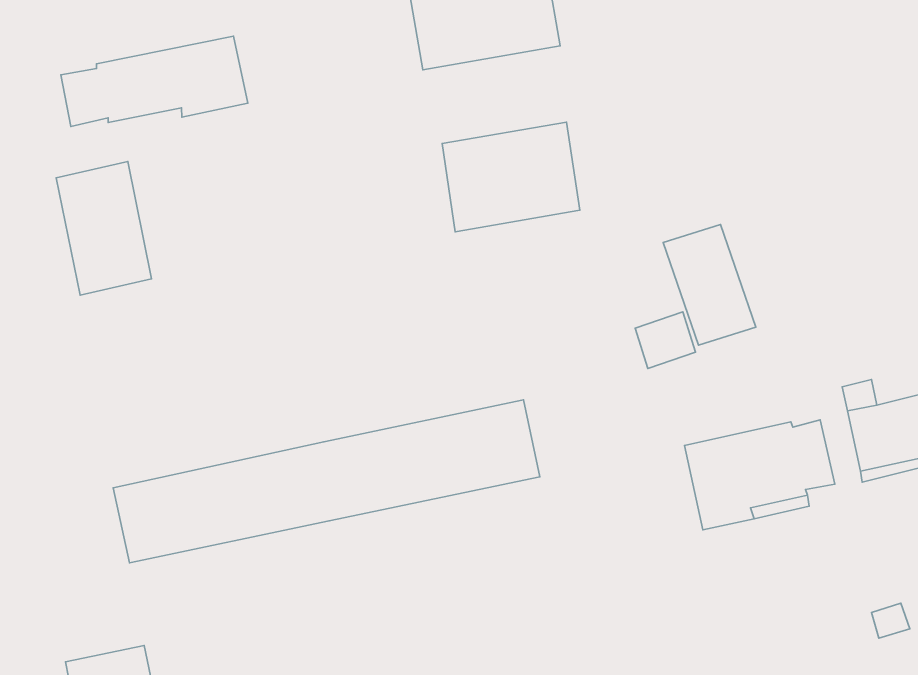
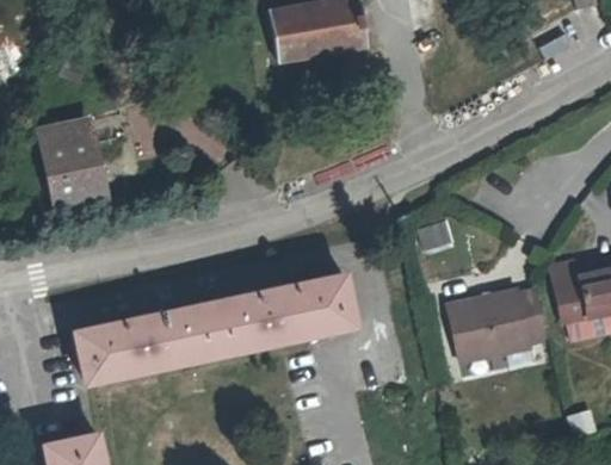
building: [61,36,248,126] -> none
building: [442,122,580,232] -> none
building: [663,225,756,345] -> none

